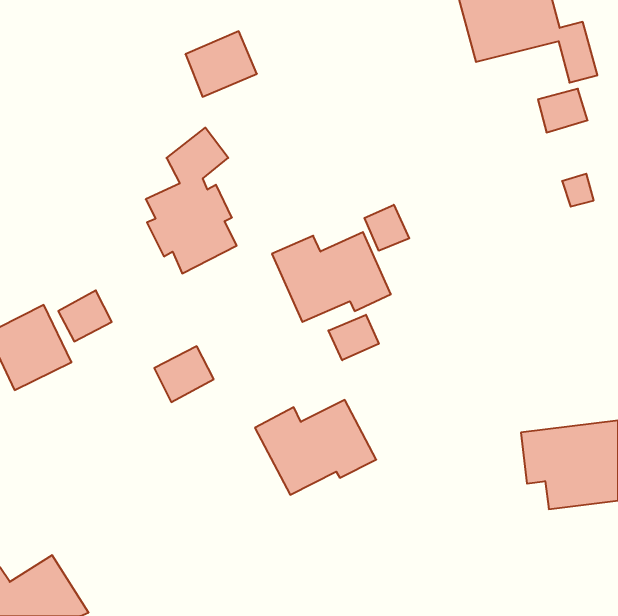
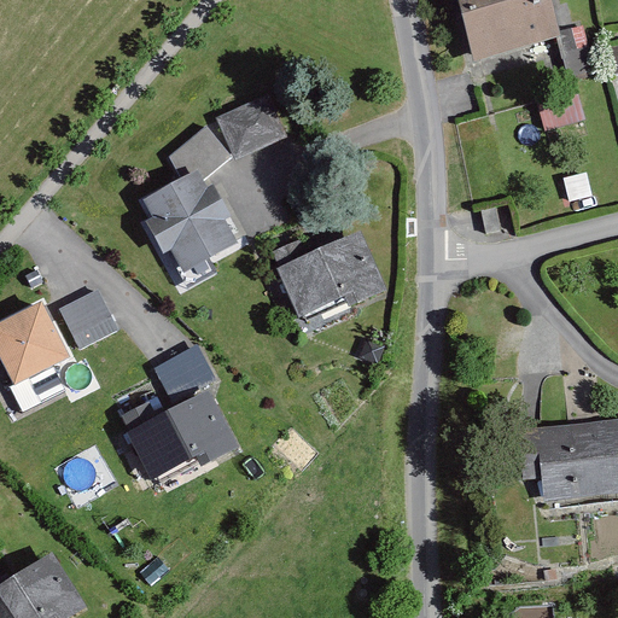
building: [185,31,257,97] -> [214,92,285,157]
building: [364,205,409,251] -> none
building: [328,315,379,360] -> none
building: [255,400,376,495] -> [119,389,240,483]

